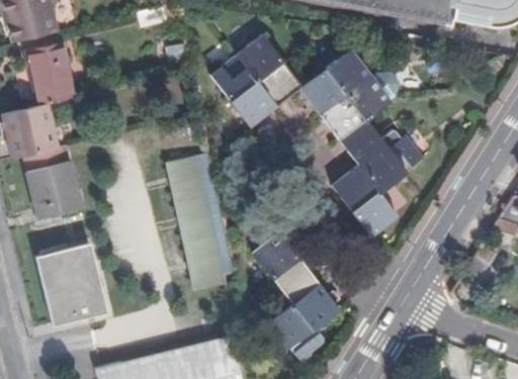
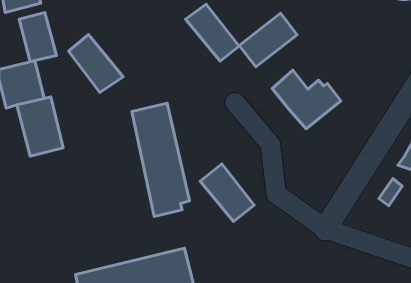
building: [207,52,274,122] -> [69,35,123,92]
building: [318,71,390,136] -> none
building: [333,162,401,233] -> none
building: [38,245,109,327] -> none
building: [267,279,338,356] -> none

